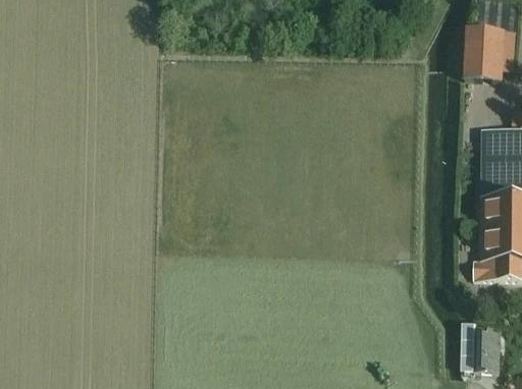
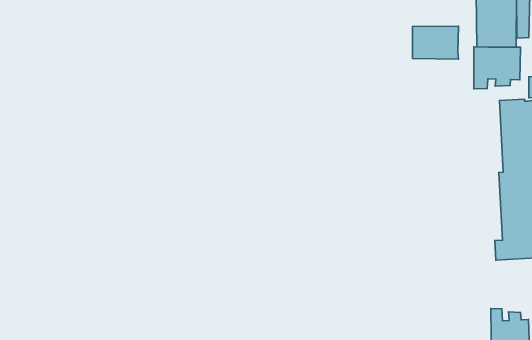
building: none -> [412,26,459,59]
building: none -> [474,47,520,89]

